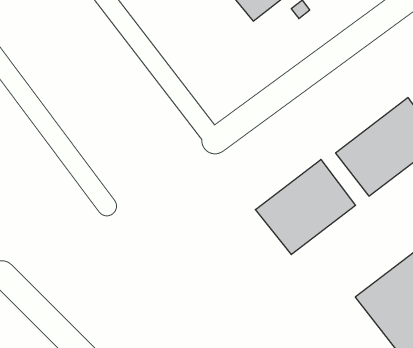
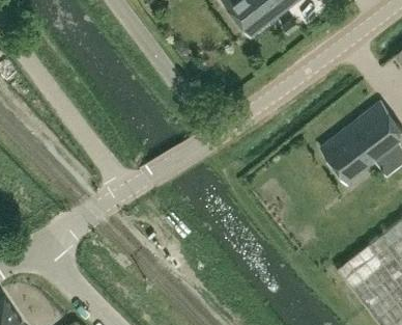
building: [255,159,355,255] -> none

